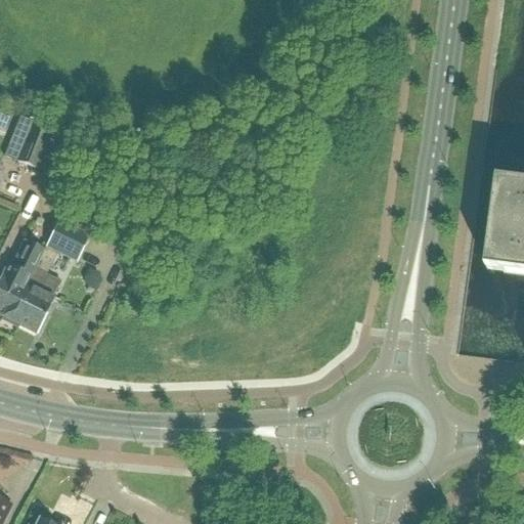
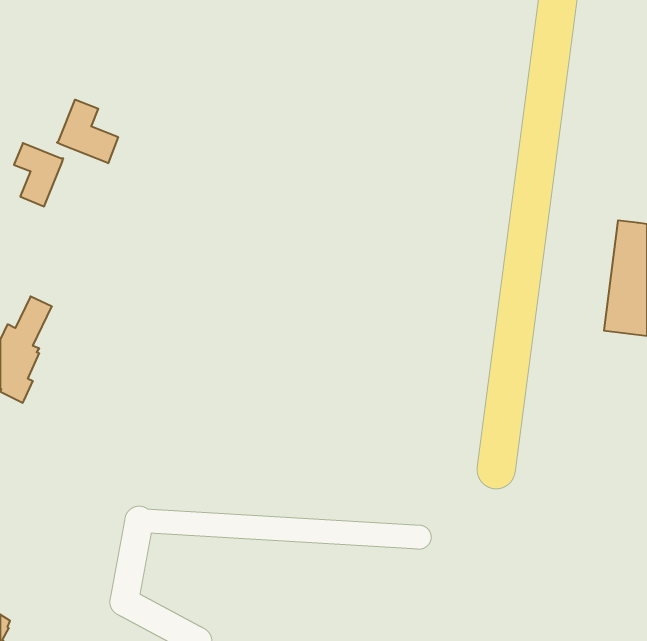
building: none -> [57,100,118,163]
building: [19,218,88,331] -> none

